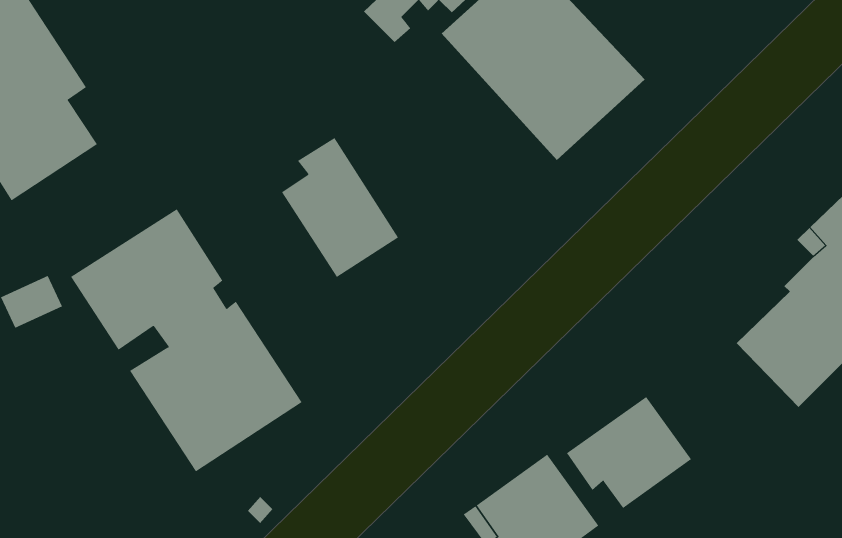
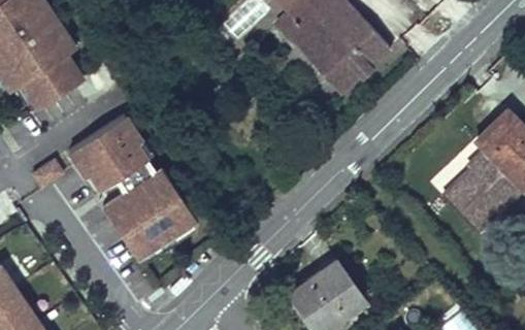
building: [281,137,399,278] -> none
building: [566,396,692,509] -> none

